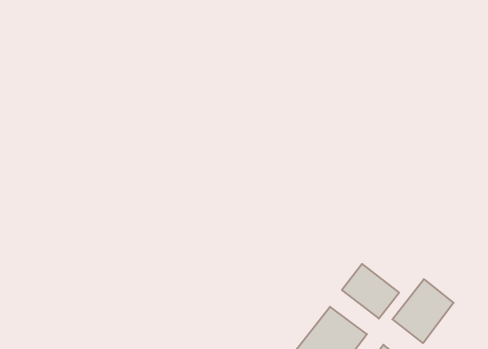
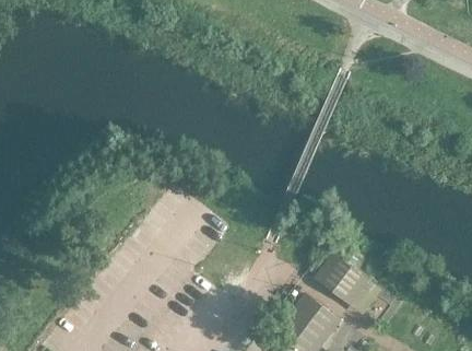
building: [392,279,454,343] -> none

